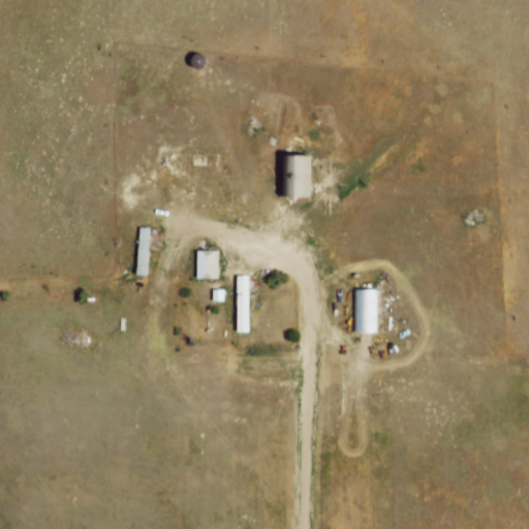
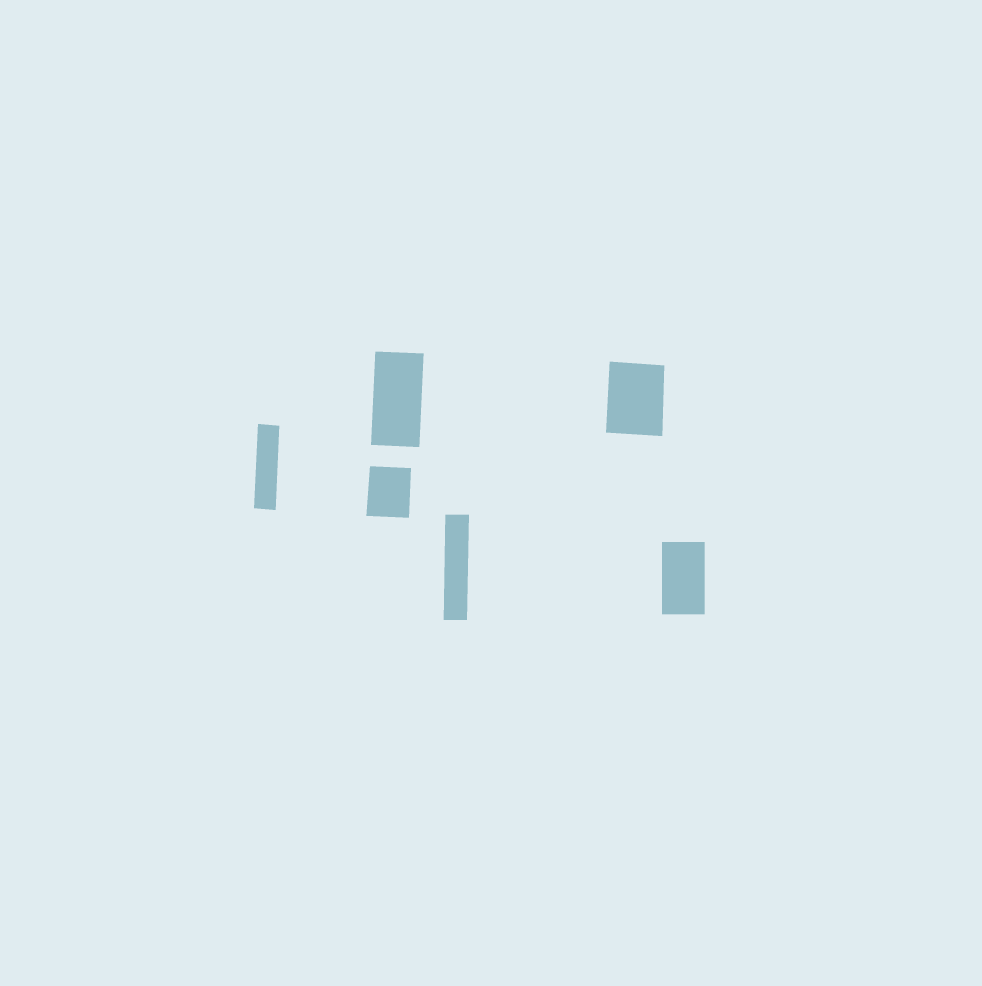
building: [283,155,315,195] -> [605,361,665,437]
building: none -> [371,351,424,448]

